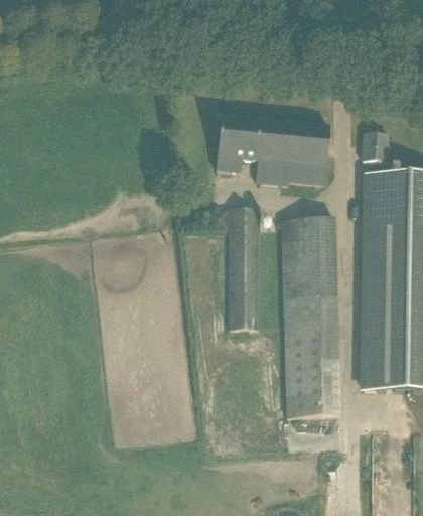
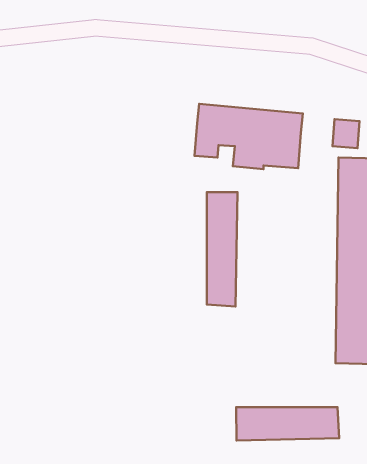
building: [282,217,339,417] -> none
building: none -> [236,407,339,440]

